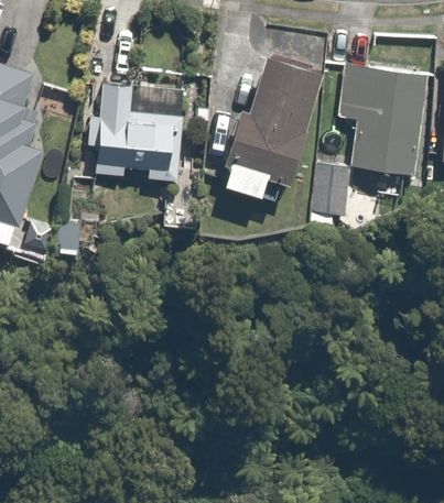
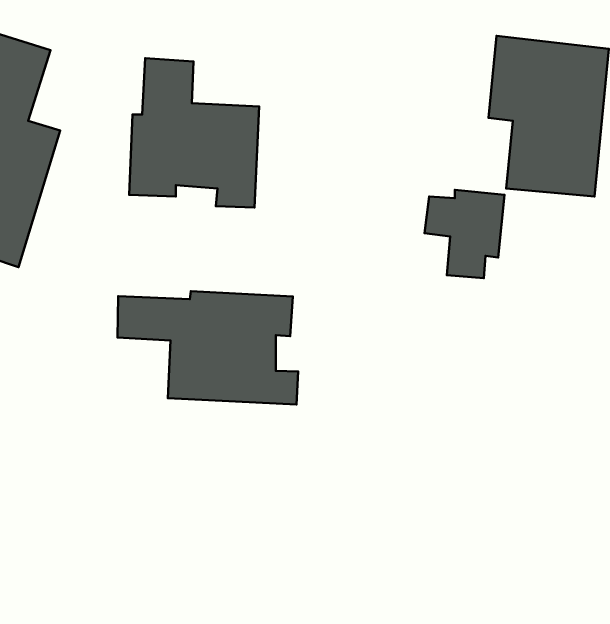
building: [218,53,316,201] -> none
building: none -> [117,291,298,404]

